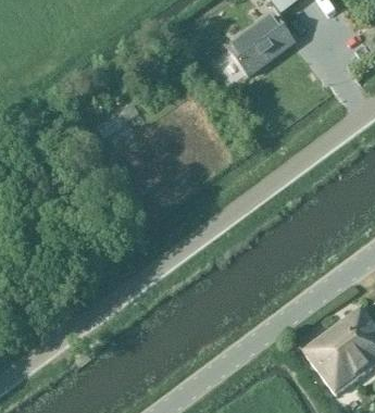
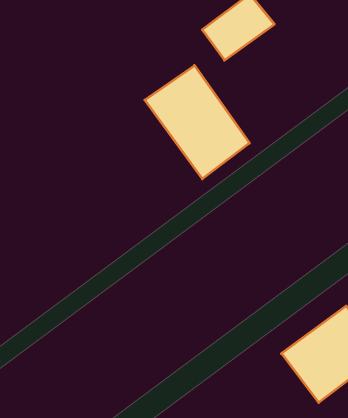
building: none -> [145,65,249,179]

